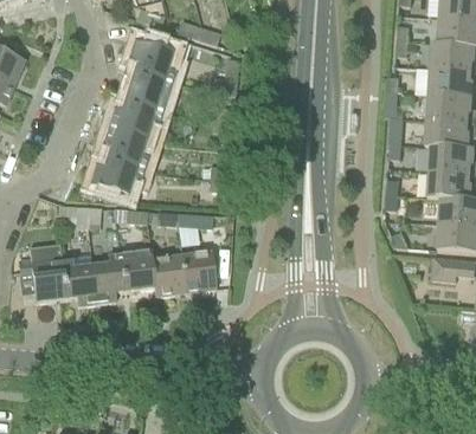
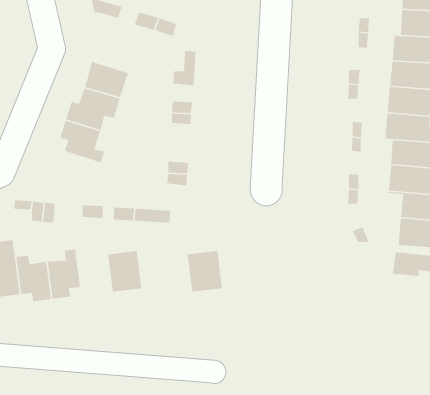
building: [129,39,174,79] -> none
building: [90,156,144,194] -> none
building: [120,248,155,294] -> none
building: [180,250,216,291] -> [187,250,223,293]

